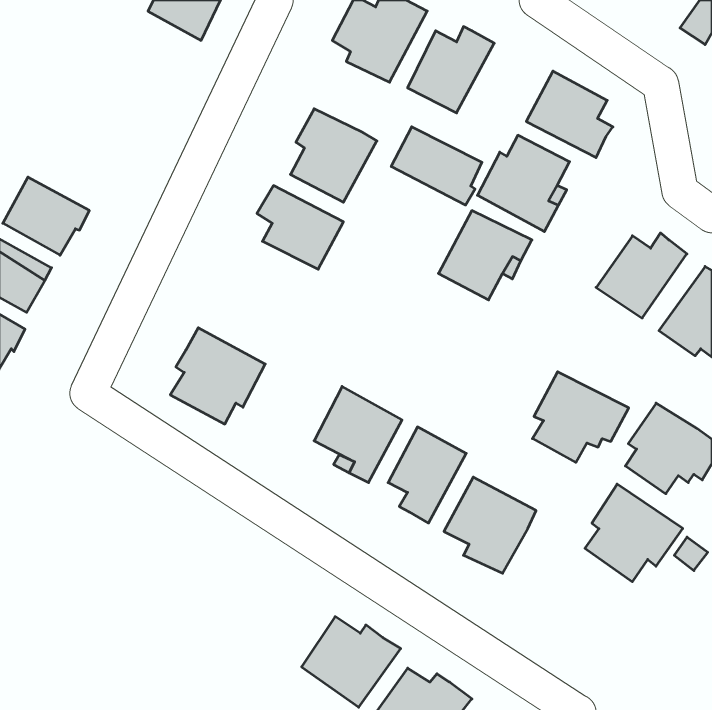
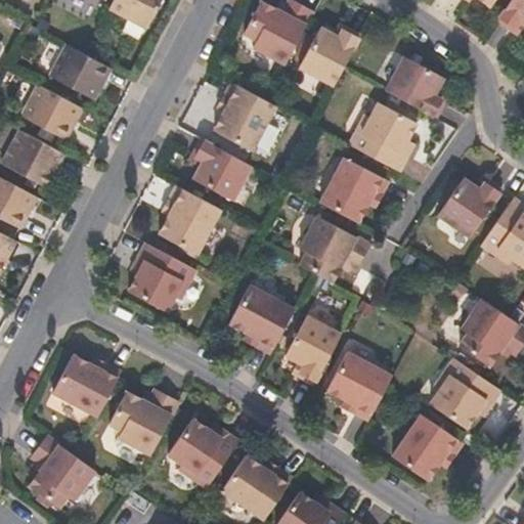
building: none -> [50,47,113,102]
building: none -> [20,86,84,142]
building: [391,127,482,205] -> none
building: none -> [158,184,220,255]
building: [532,372,629,462] -> [300,216,370,282]
building: none -> [52,355,122,419]
building: none -> [108,390,179,456]
building: none -> [390,413,462,482]
building: none -> [168,418,241,488]
building: none -> [28,437,96,510]

